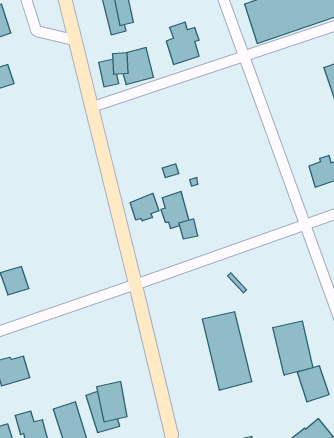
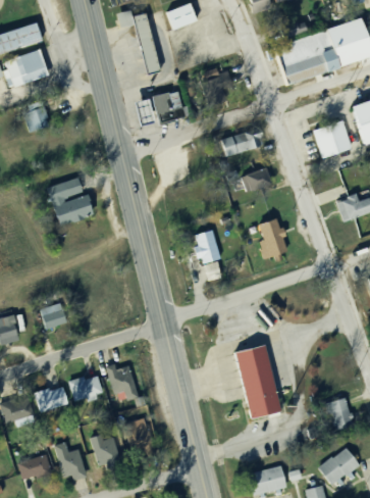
building: none -> [313,119,354,159]
building: none -> [218,128,260,156]
building: none -> [242,166,273,194]
building: none -> [47,176,92,223]
building: none -> [259,217,286,257]
building: [130,193,159,221] -> none
building: [273,321,313,375] -> none
building: none -> [104,361,140,399]
building: none -> [68,375,103,401]

